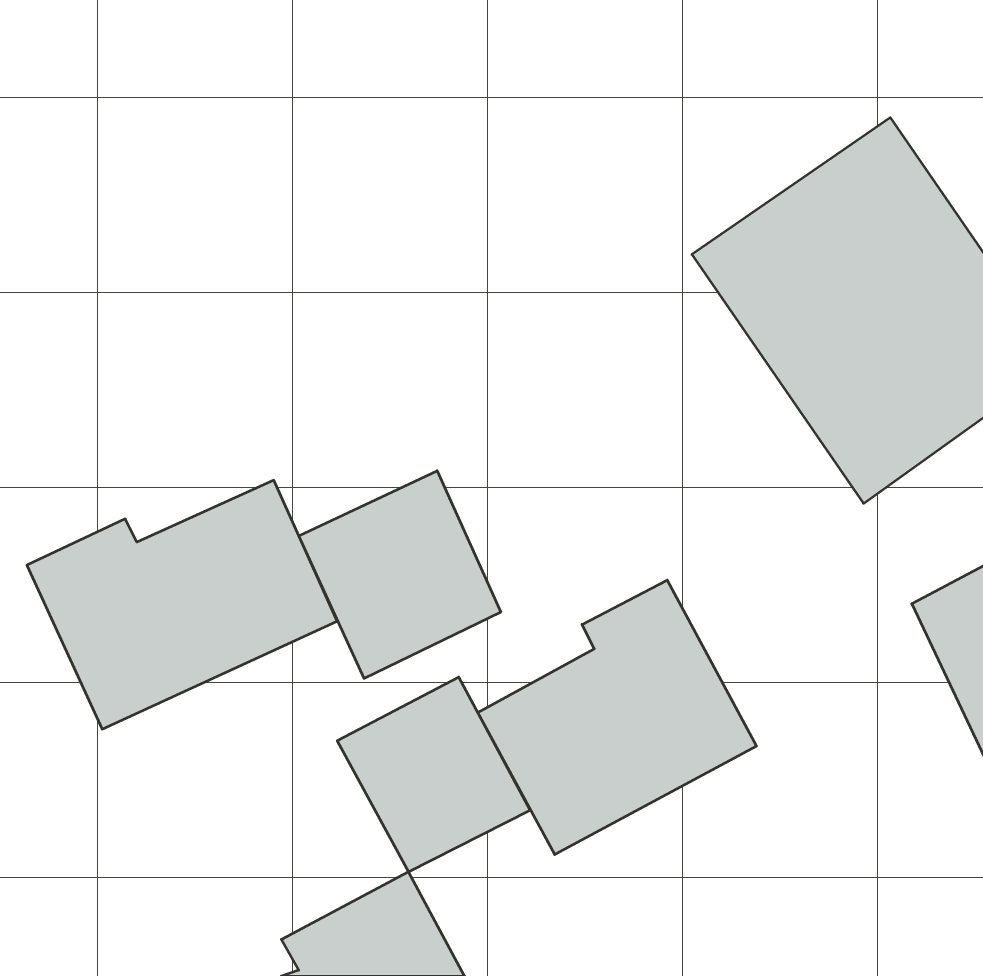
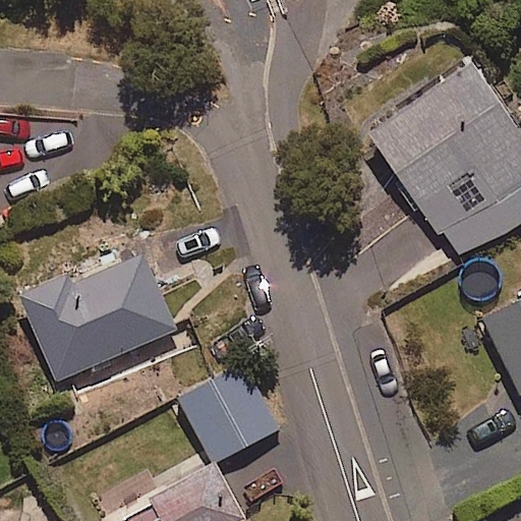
building: [299,471,501,678] -> none
building: [478,580,756,855] -> none

